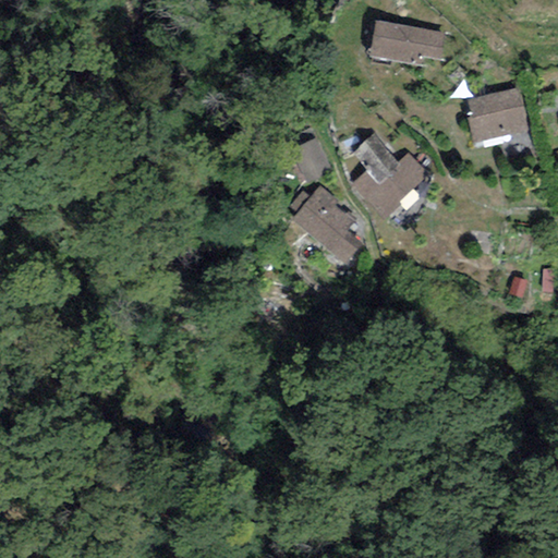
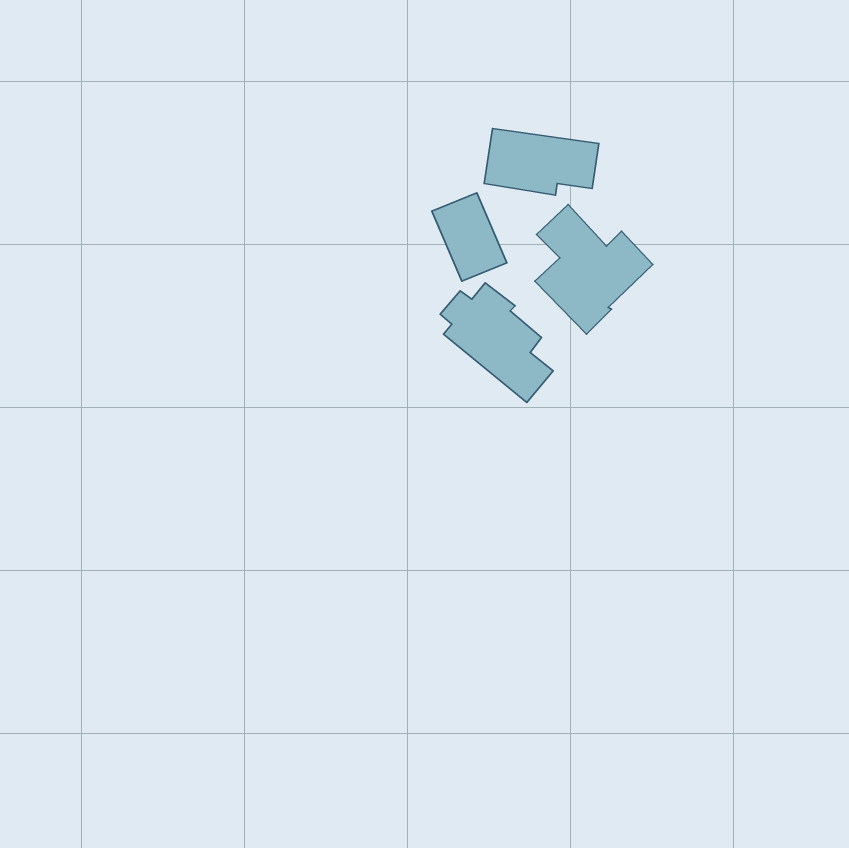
building: [369,20,445,63] -> [484,129,599,195]
building: [465,87,527,144] -> none

